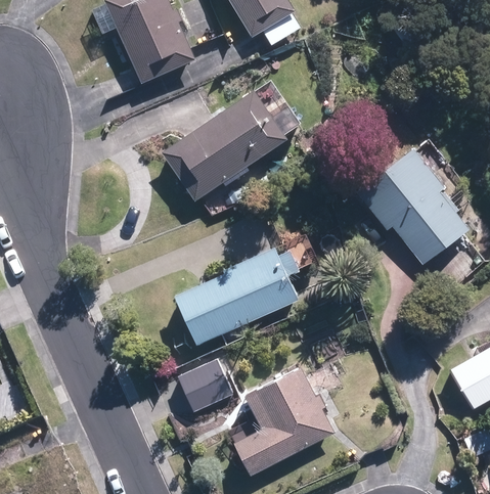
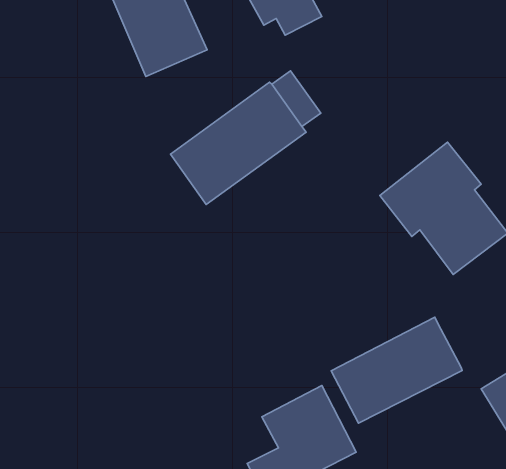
building: [174,245,302,346] -> none
building: none -> [331,317,462,423]
building: [173,356,232,414] -> none

